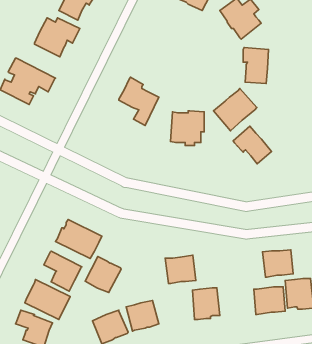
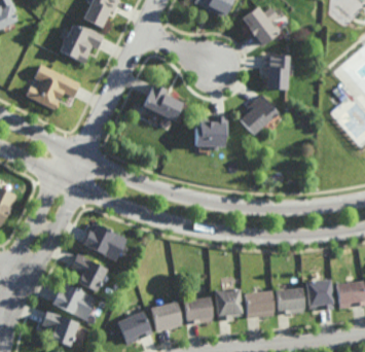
building: [233,126,272,164] -> none
building: [262,250,293,277] -> [245,291,275,318]
building: [165,255,196,284] -> [184,296,214,324]
building: [85,256,121,293] -> none

